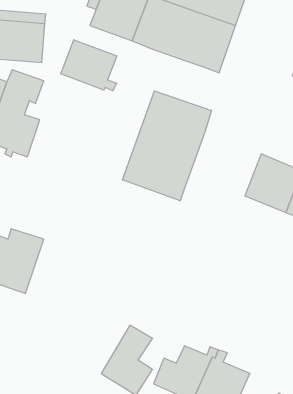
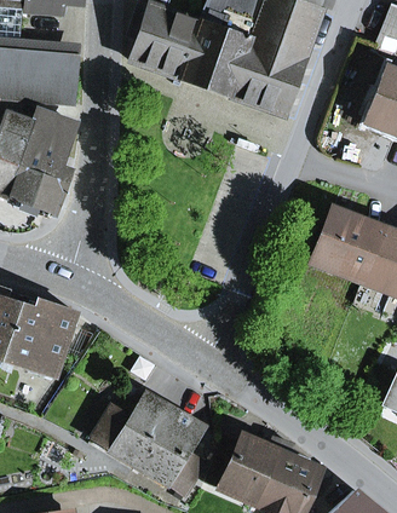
building: [61,40,117,91] -> none
building: [123,91,212,201] -> none
building: none -> [87,394,179,469]

